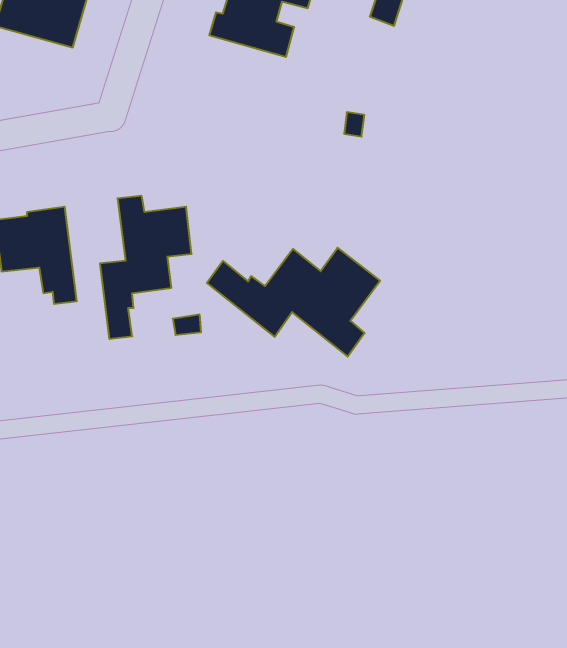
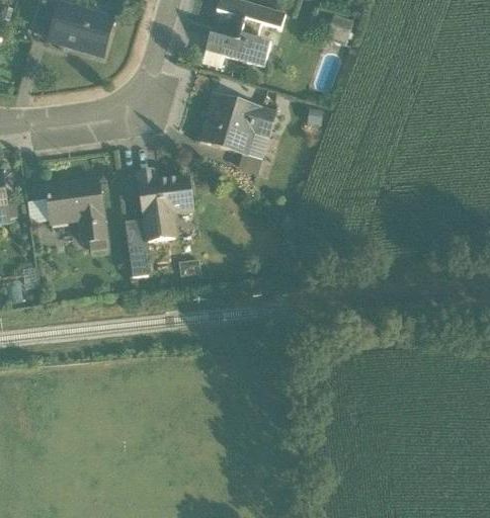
building: none -> [199,94,274,159]
building: [207,248,380,357] -> none

